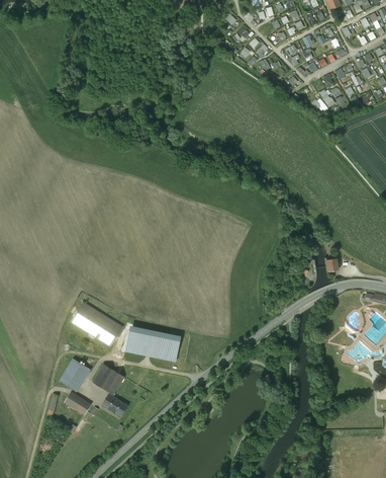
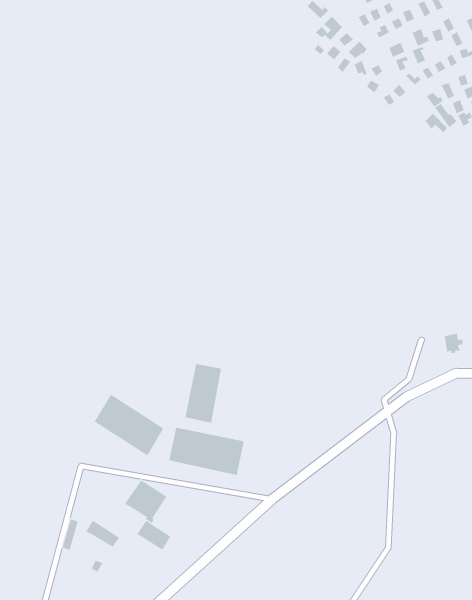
building: none -> [185,363,222,423]
building: [59,358,89,392] -> none

